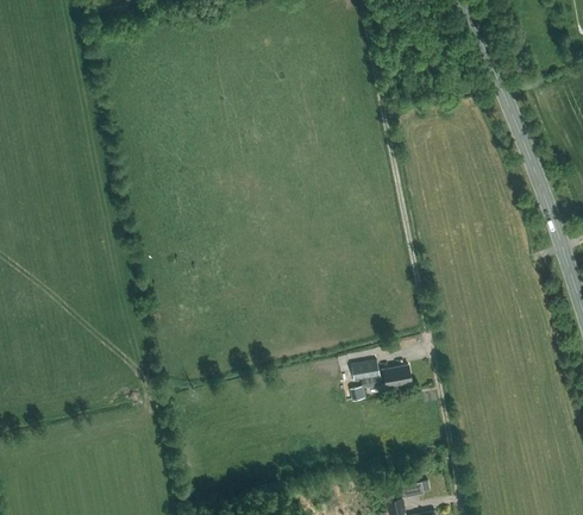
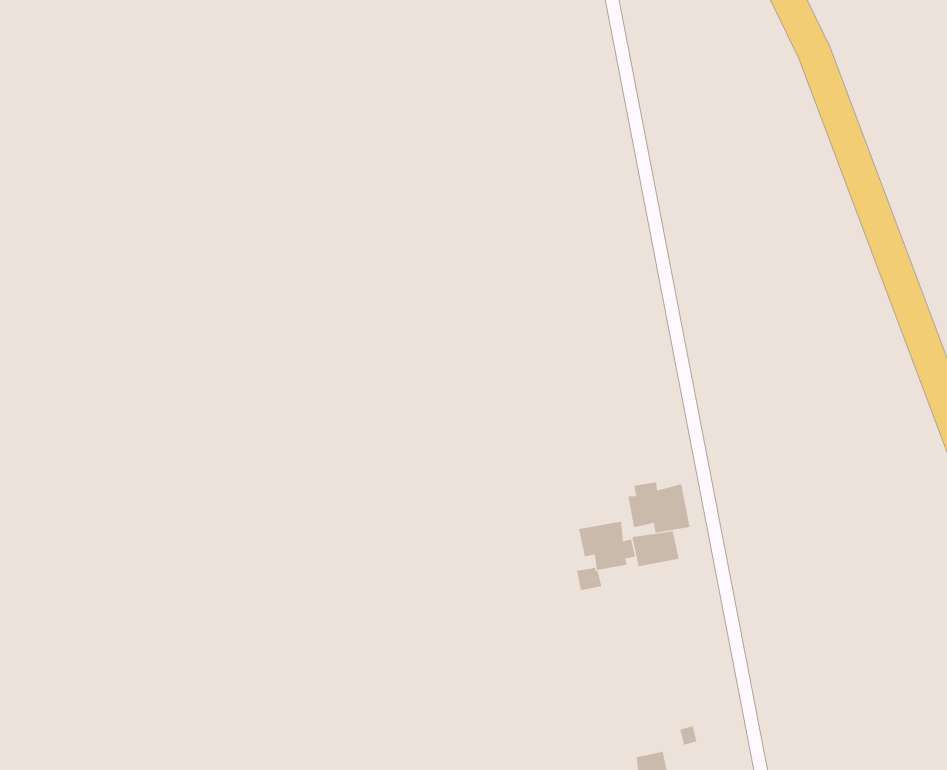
building: none -> [628,482,690,534]

